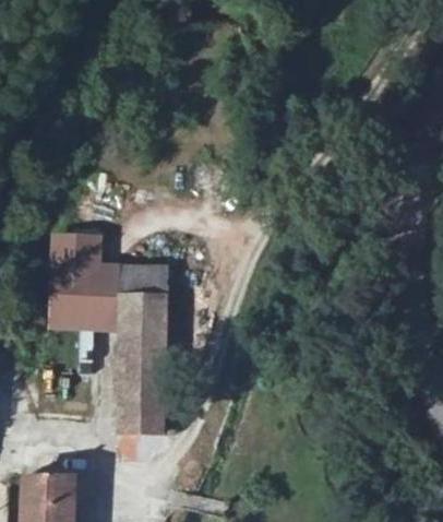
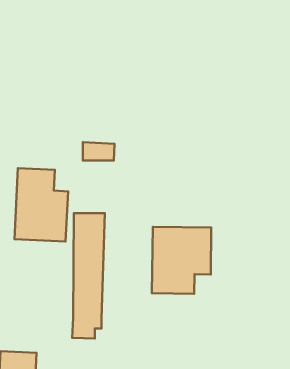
building: [124,269,166,293] -> [83,142,115,161]
building: none -> [152,227,211,294]

